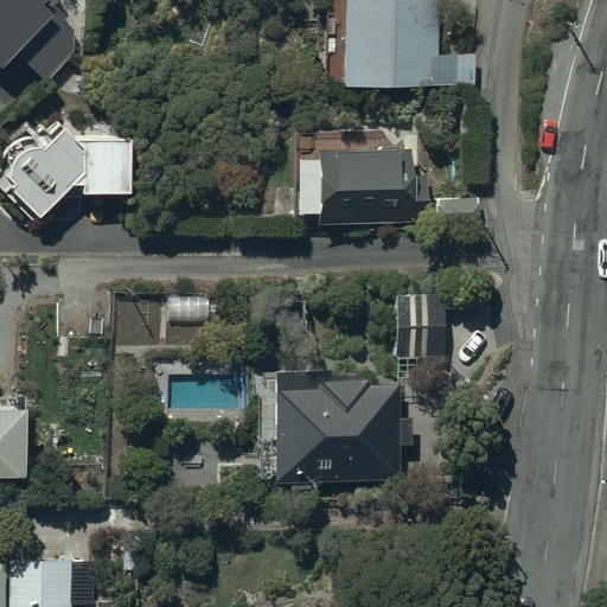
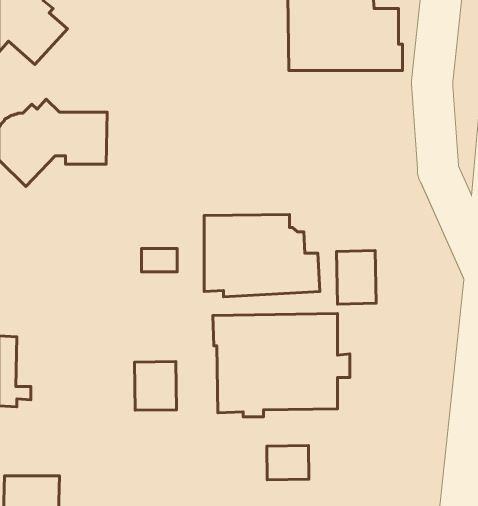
building: [295,130,430,226] -> [204,214,320,297]
building: none -> [134,362,177,410]
building: none -> [267,446,309,480]

